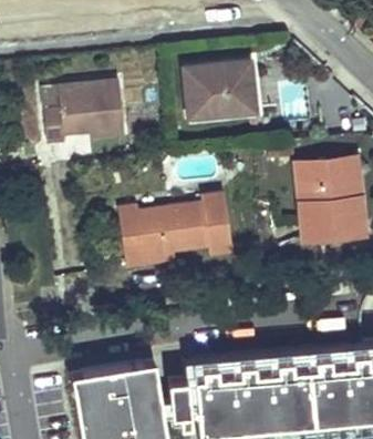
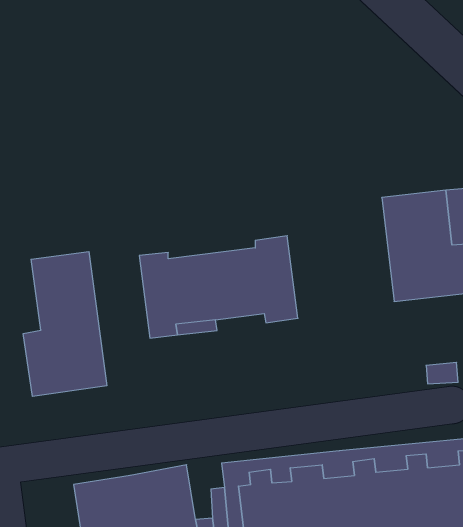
building: [184,62,255,118] -> none
building: [43,80,123,142] -> none
building: none -> [23,252,107,396]

